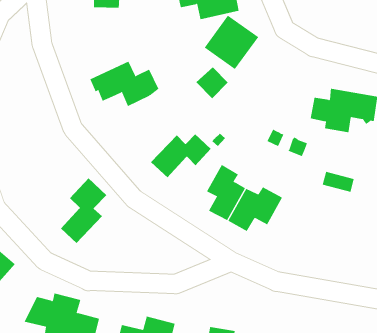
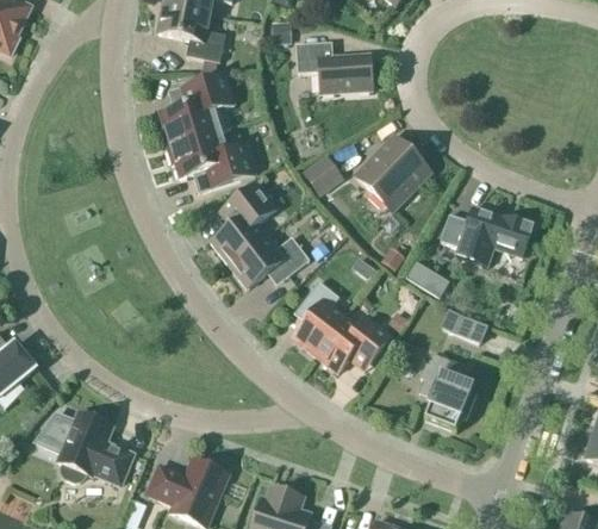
building: [204,15,259,70] -> [356,137,429,209]
building: none -> [160,76,233,145]
building: [60,177,107,244] -> [210,181,276,263]
building: none -> [421,353,475,430]

